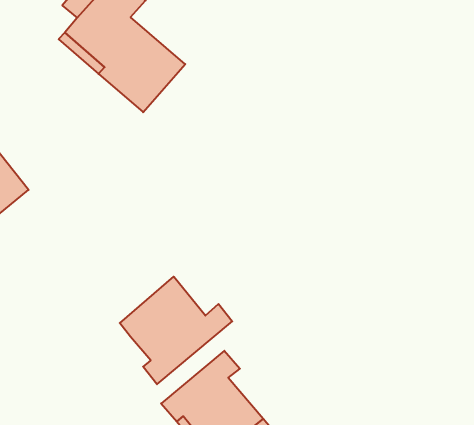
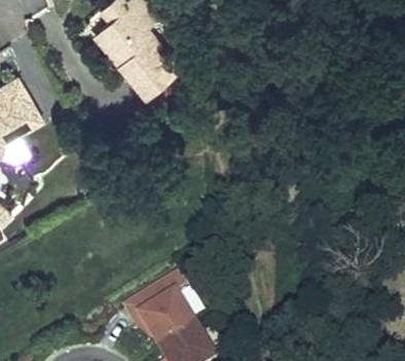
building: [120,277,232,384] -> none

